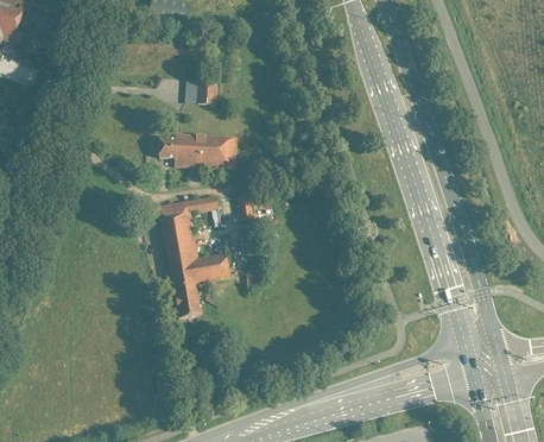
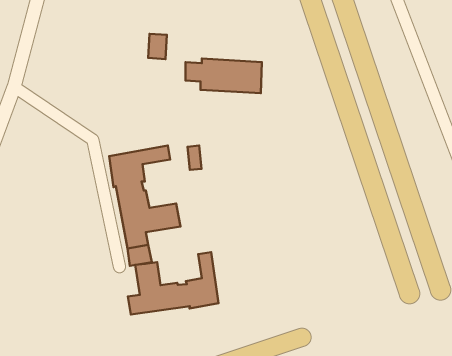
building: [160,133,239,169] -> [186,59,262,93]
building: none -> [128,252,219,314]

